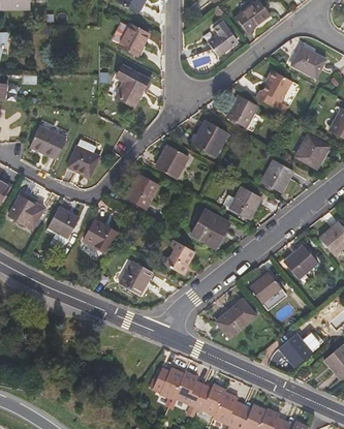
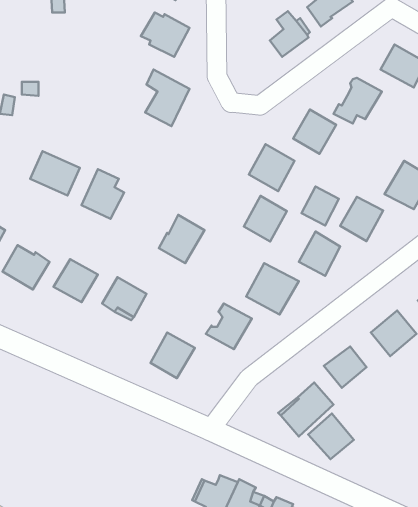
building: [156,145,188,179] -> [244,196,287,242]
building: none -> [302,186,339,226]
building: [279,333,313,367] -> [308,414,354,459]

